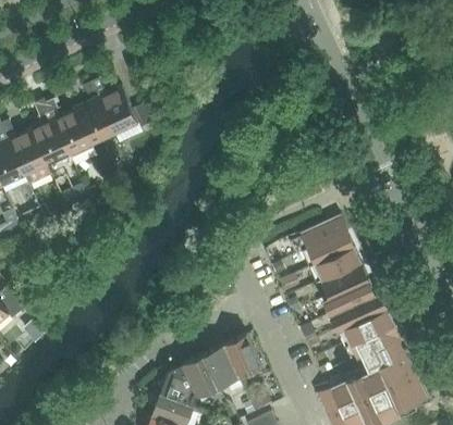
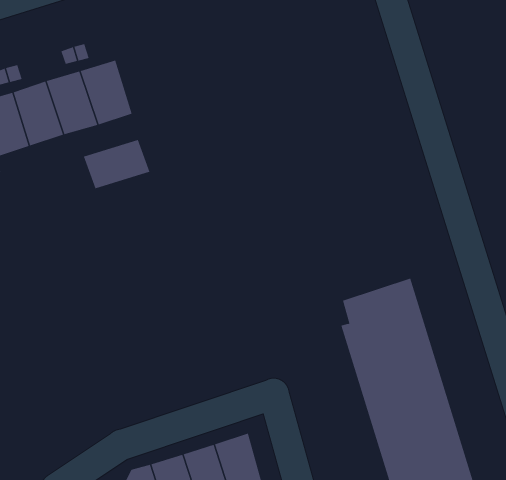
building: none -> [83,139,150,189]

